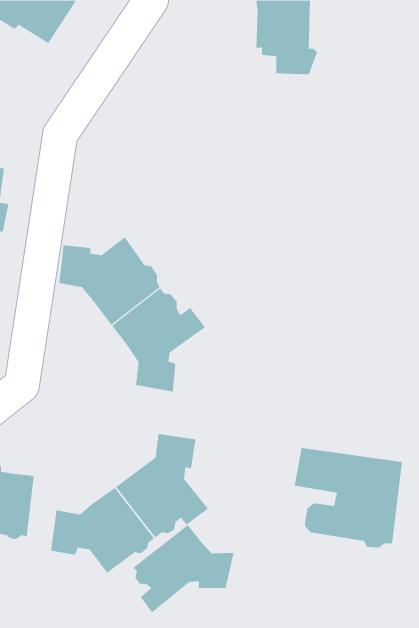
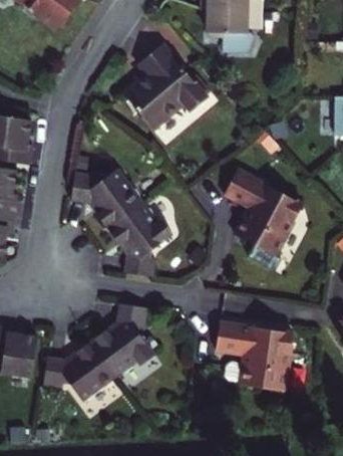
building: none -> [120,43,206,133]
building: none -> [220,170,299,257]
building: [133,524,234,613] -> none

